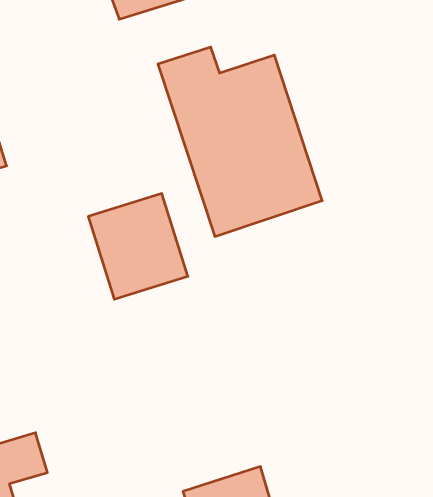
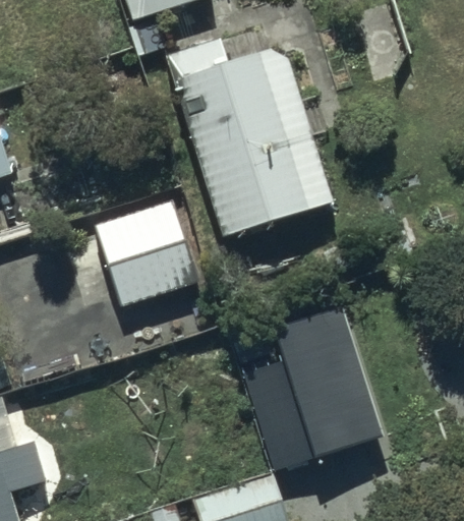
building: none -> [240,299,378,463]

